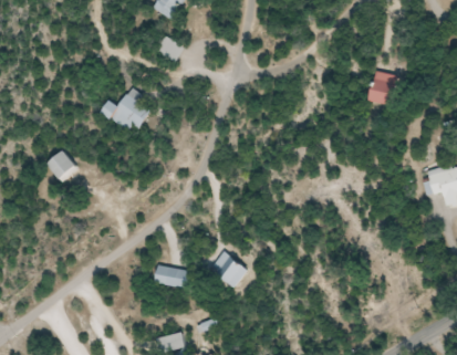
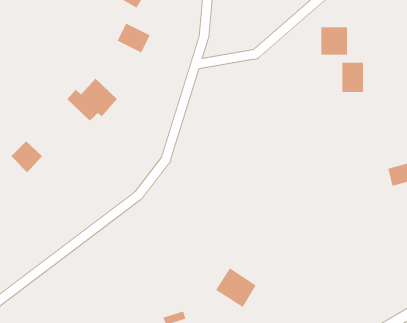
building: none -> [321,26,347,55]
building: [208,251,249,291] -> [215,267,256,308]
building: [150,265,190,290] -> none

